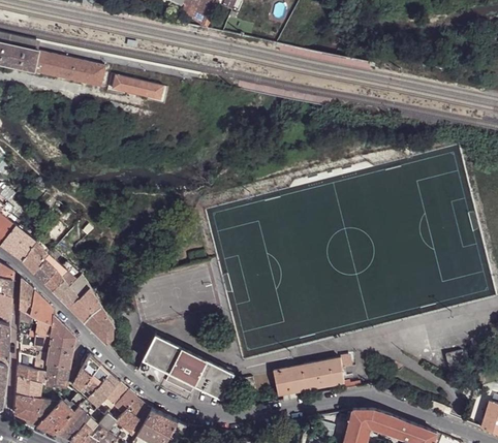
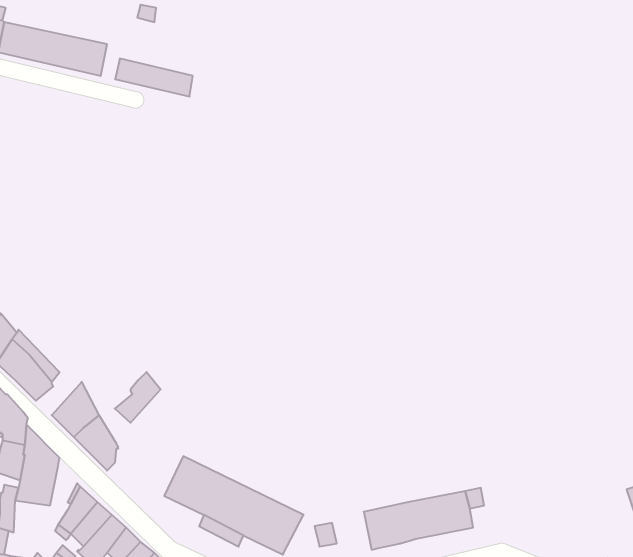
building: [59,275,89,308] -> [115,372,161,423]
building: [44,363,68,387] -> none

